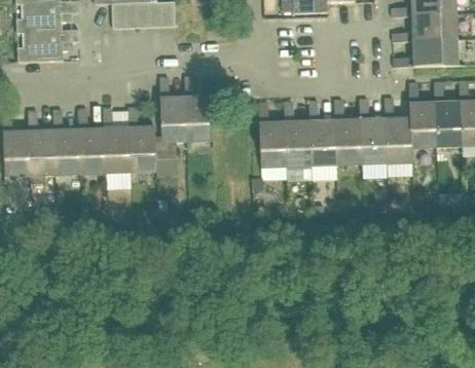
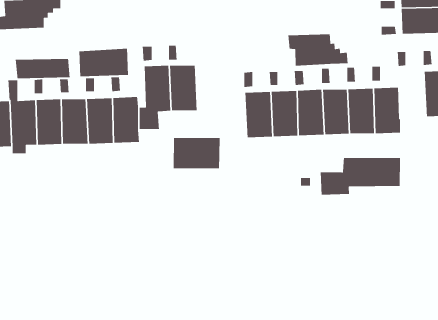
building: none -> [288,33,348,66]
building: none -> [78,48,129,77]
building: none -> [15,58,71,79]
building: [409,101,437,147] -> none
building: none -> [173,137,220,169]
building: none -> [320,157,401,196]

